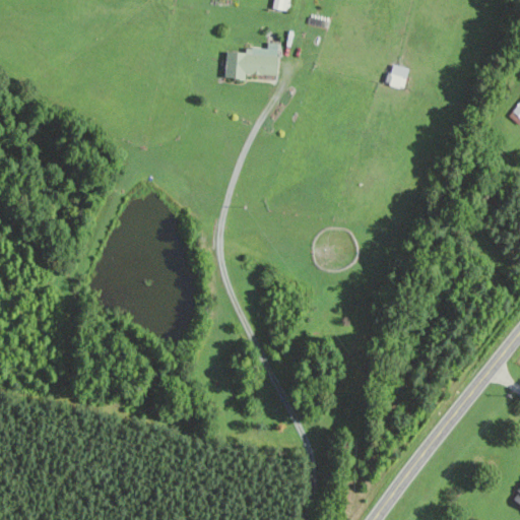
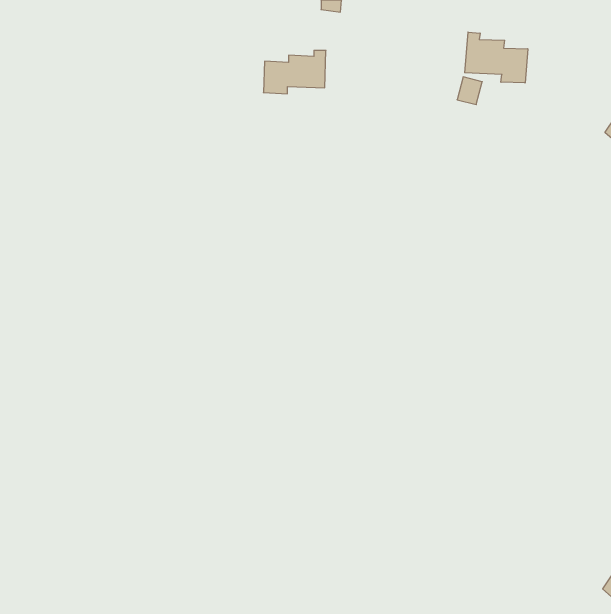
building: none -> [465,32,528,83]

